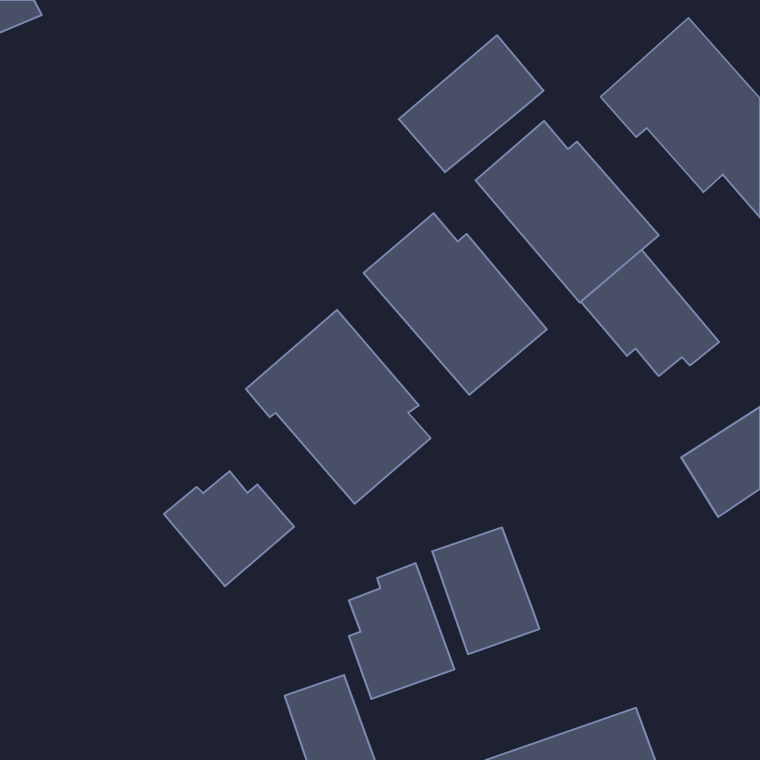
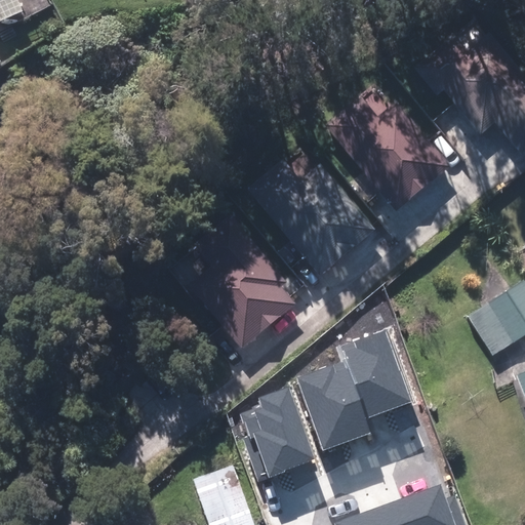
building: [399,35,544,172] -> none
building: [581,250,719,376] -> none
building: [164,471,294,586] -> none
building: none -> [339,330,411,419]

